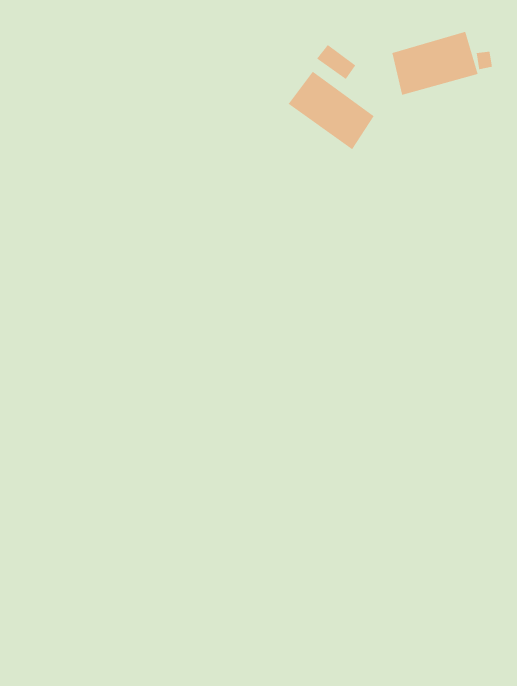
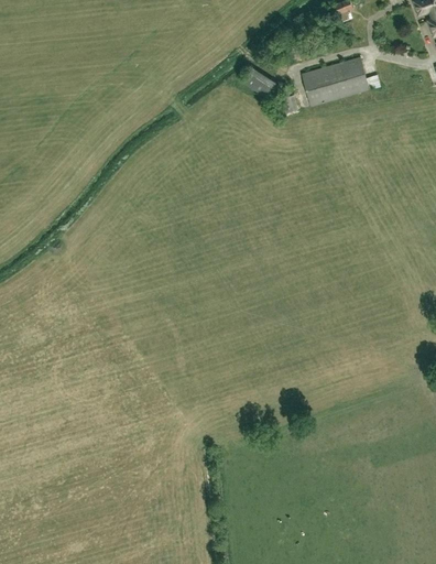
building: [288,71,374,150] -> none

